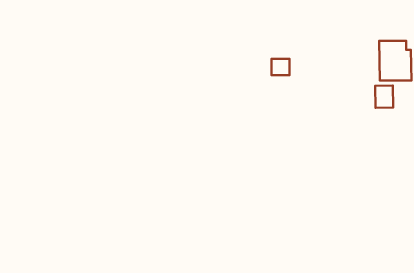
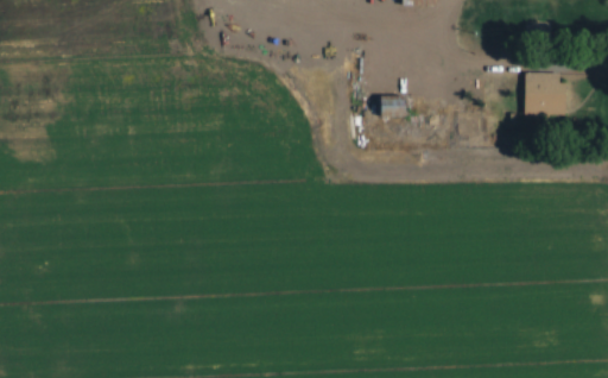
building: [375,85,393,108] -> none

